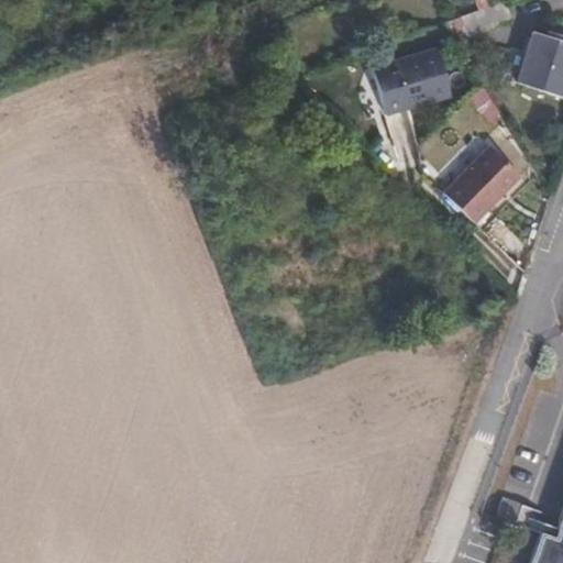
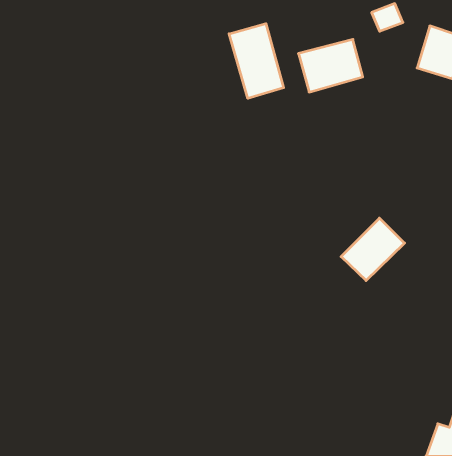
building: none -> [229,24,284,98]
building: [444,145,522,222] -> [341,218,405,281]

